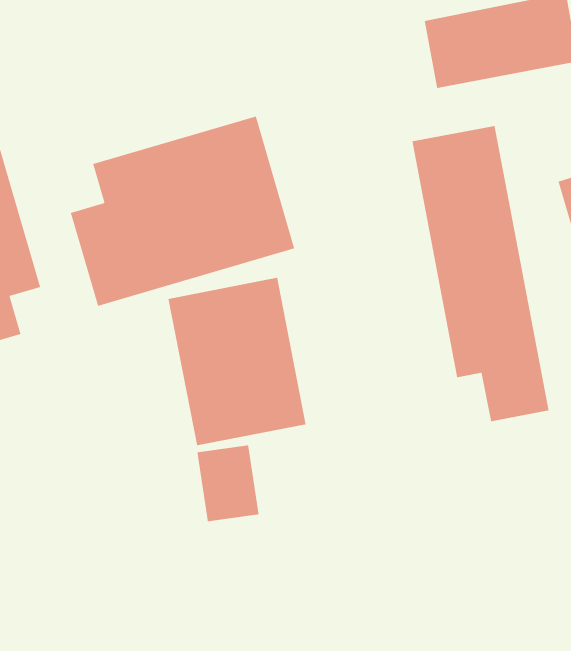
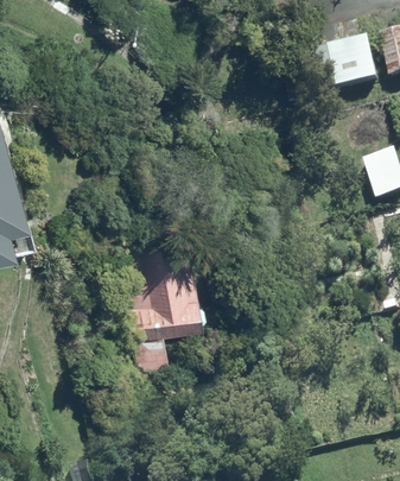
building: [70,116,295,307] -> none
building: [412,125,550,422] -> none

